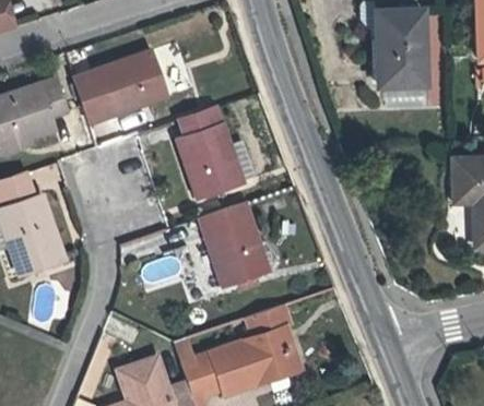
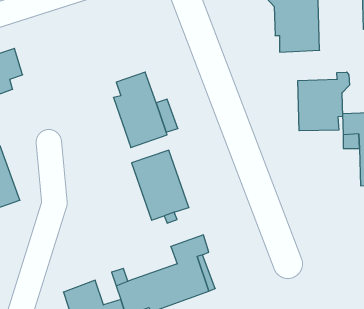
building: [73,52,166,122] -> none
building: none -> [298,72,349,131]

